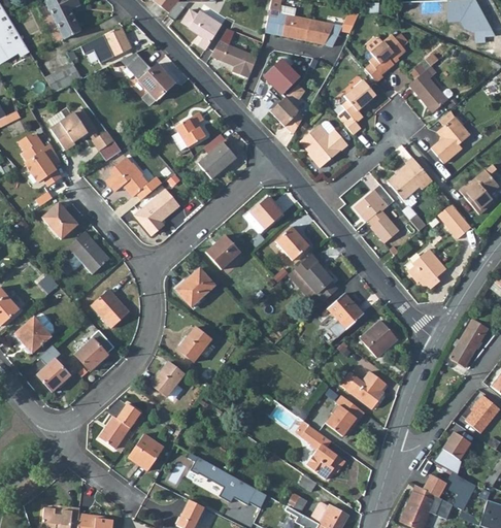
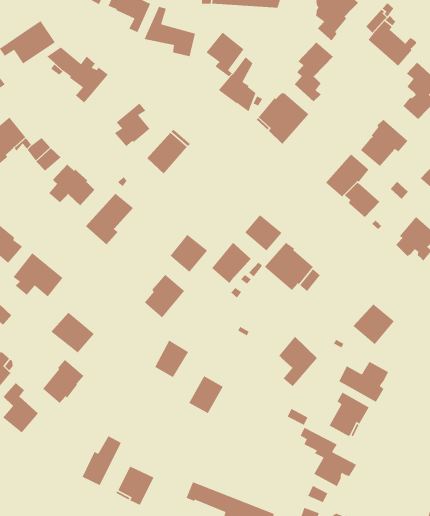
building: [244,196,281,233] -> [211,242,252,284]
building: [327,292,362,337] -> [278,336,318,387]
building: [149,361,183,396] -> [188,375,224,414]

